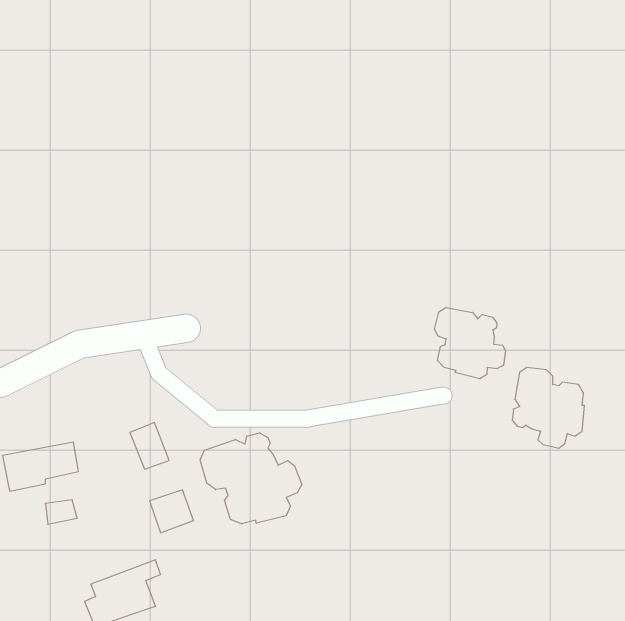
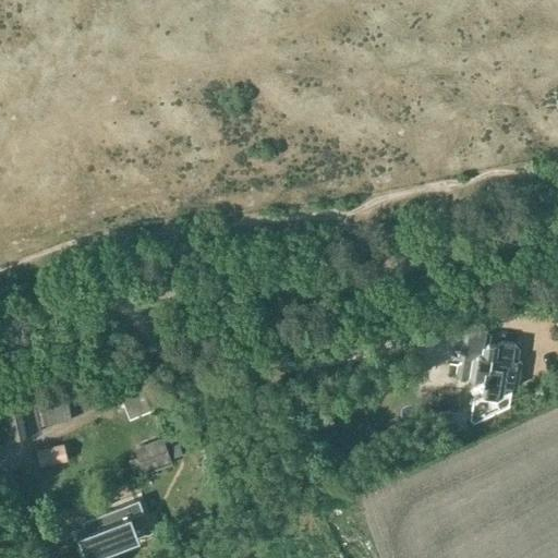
building: [434,307,505,379] -> none
building: [200,433,302,524] -> none

